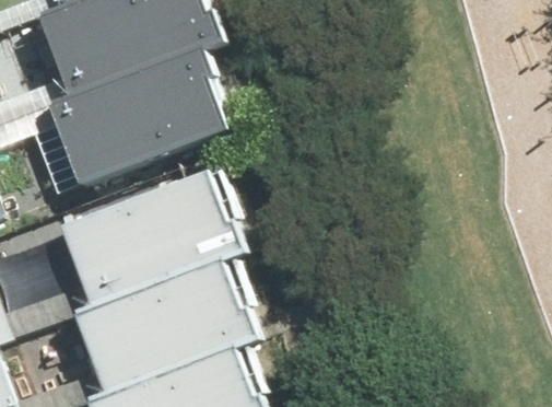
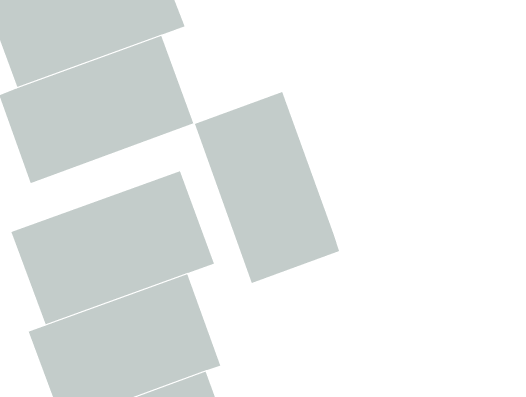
building: none -> [194,91,340,284]

